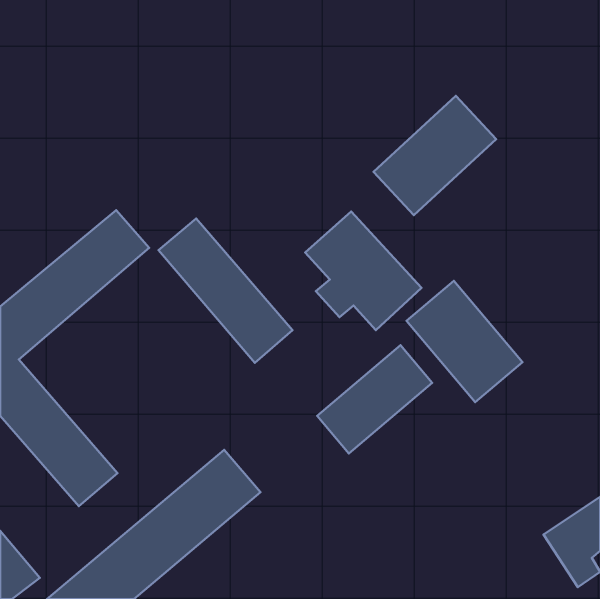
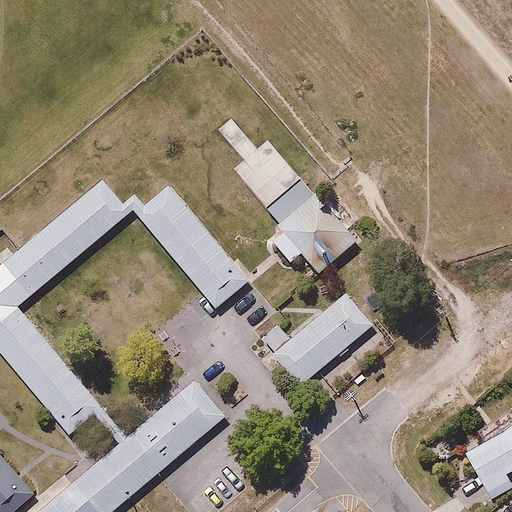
building: [374,96,496,215] -> none
building: [406,281,523,402] -> none

